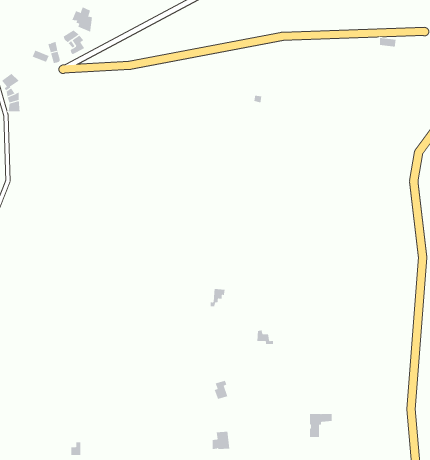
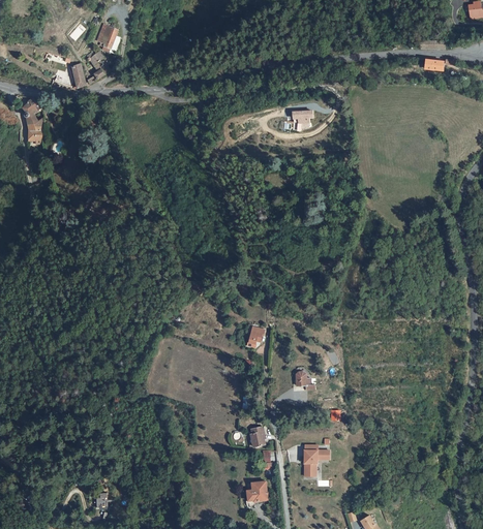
building: [309,414,332,438] -> [304,448,329,474]

